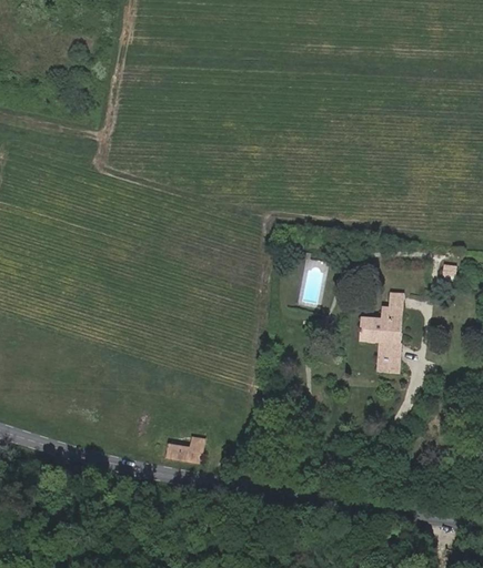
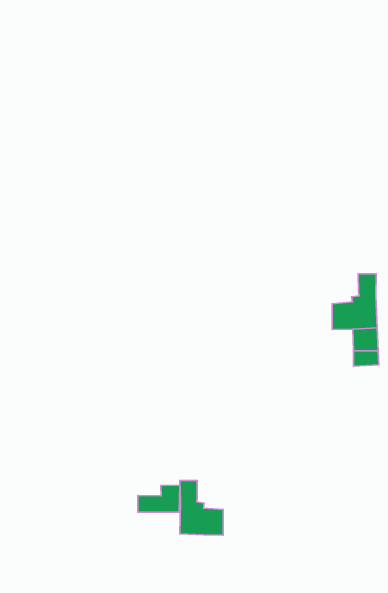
building: none -> [180,480,223,535]

